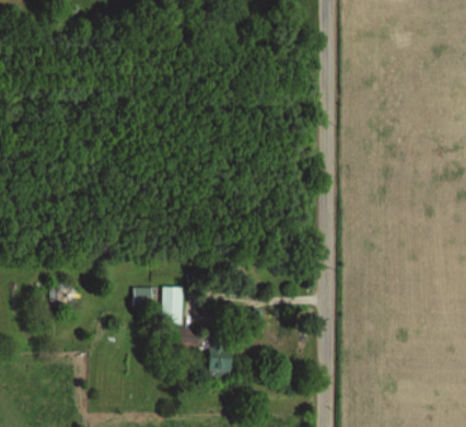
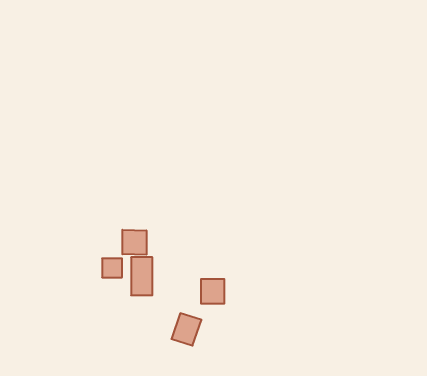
building: none -> [122,230,146,255]
building: [177,326,200,350] -> [201,279,224,304]

